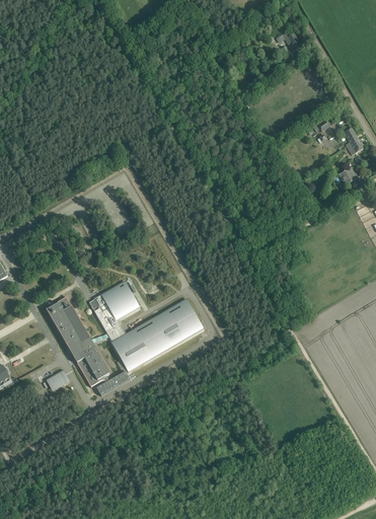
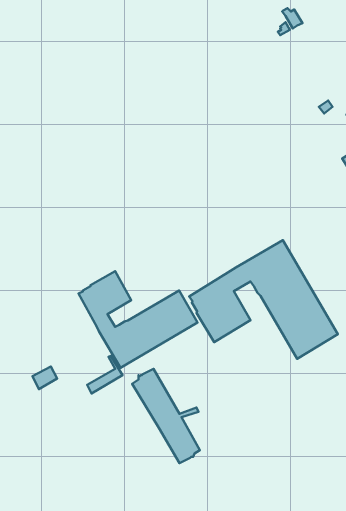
building: none -> [189,240,338,359]
building: [46,297,109,386] -> [132,369,200,463]

